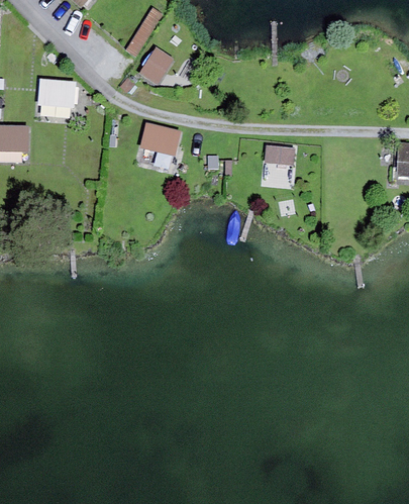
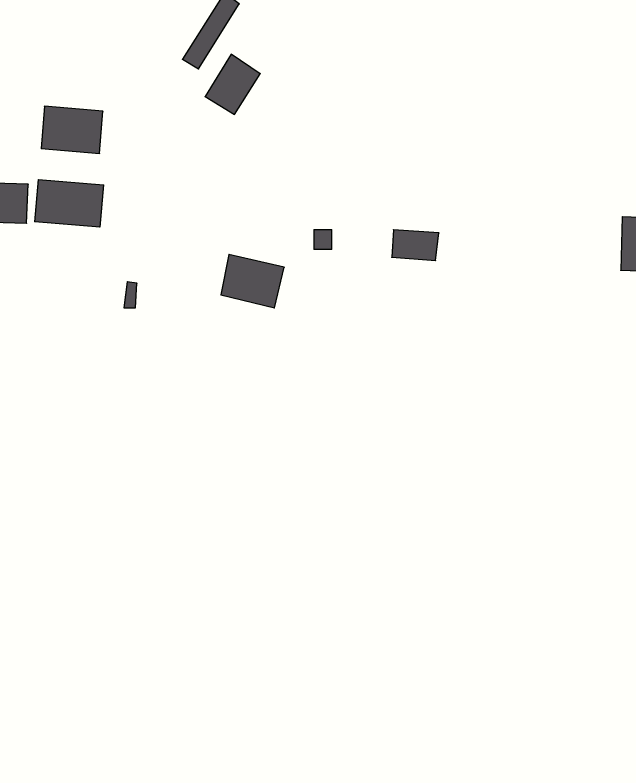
building: [141,121,181,155] -> [221,254,284,308]
building: none -> [35,180,104,227]

